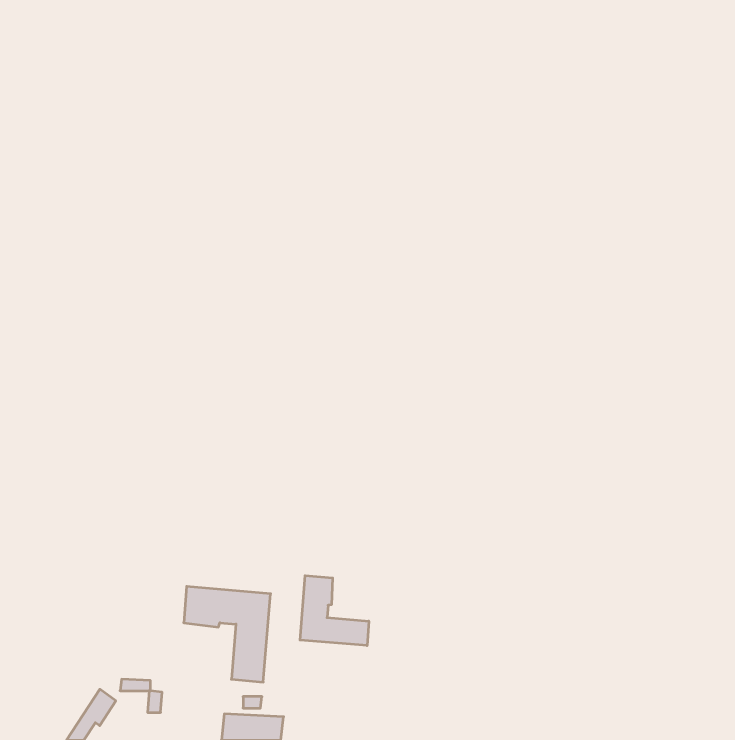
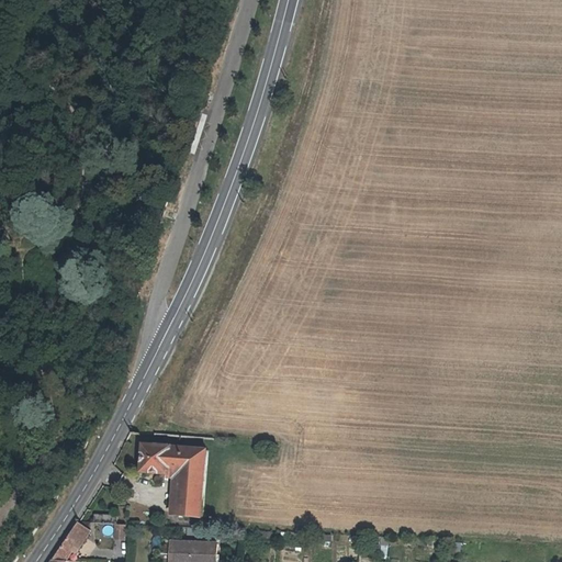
building: [300,576,369,646] -> none

